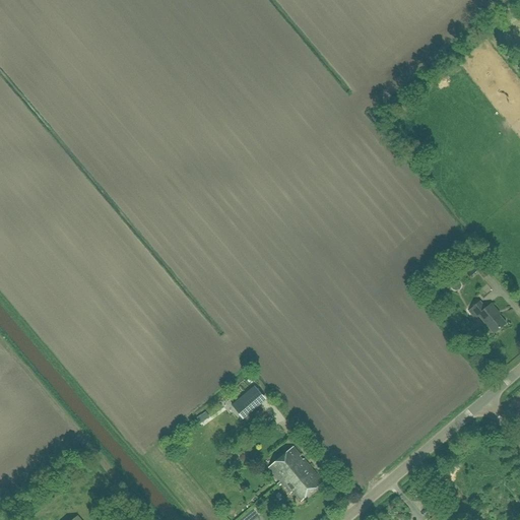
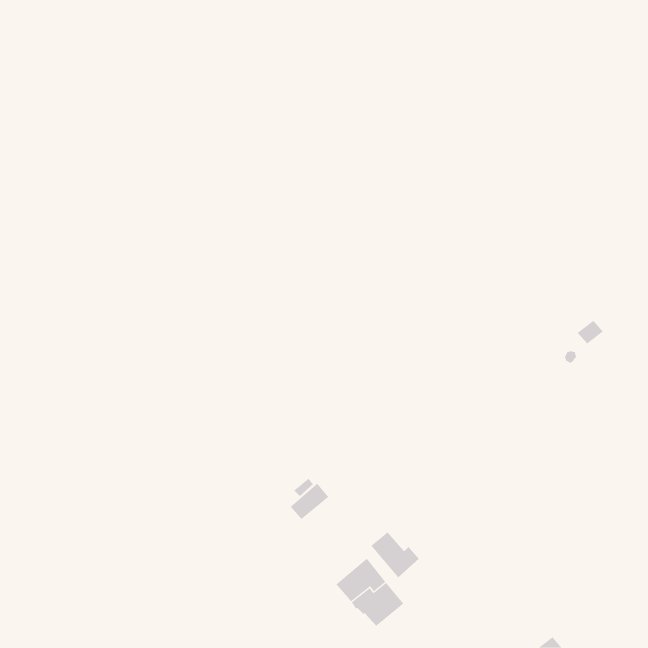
building: [469,302,506,333] -> none
building: none -> [371,531,420,578]

